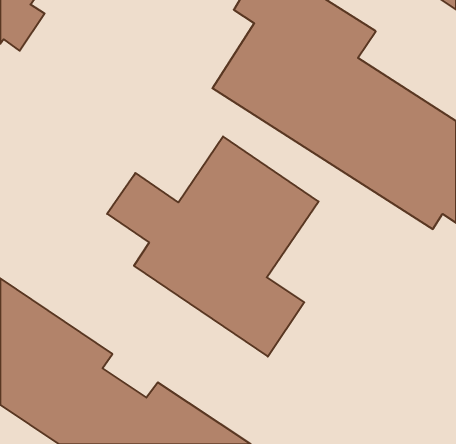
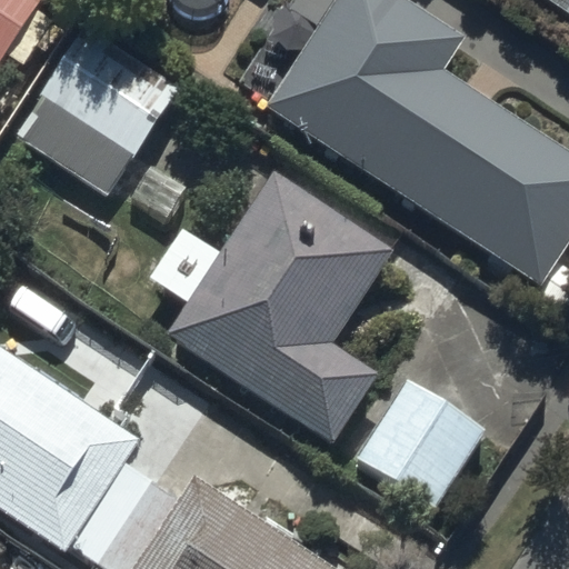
building: none -> [16,21,188,219]
building: none -> [353,376,487,510]

